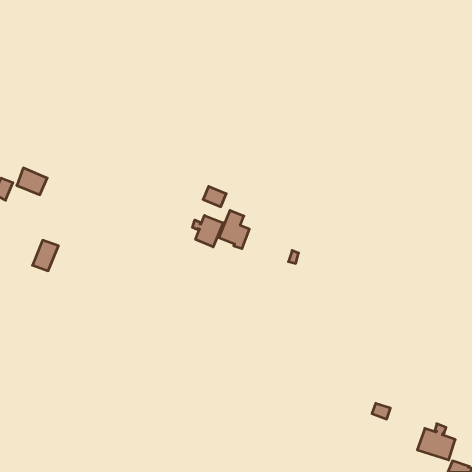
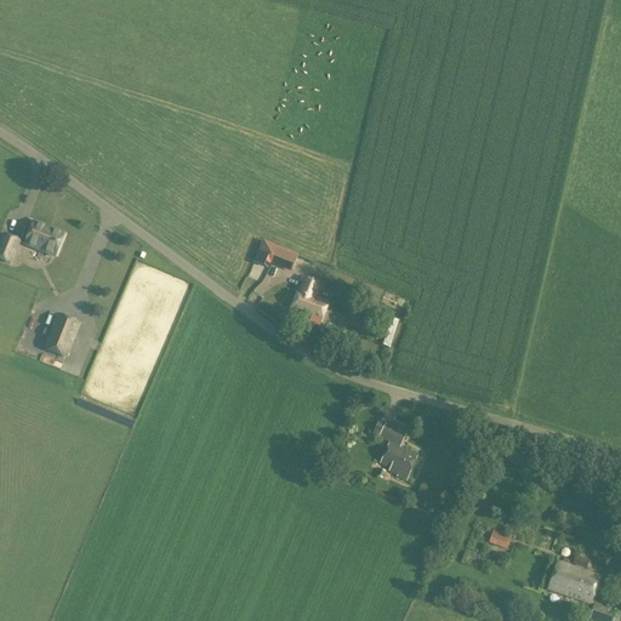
building: [192,215,223,247] -> none
building: none -> [376,421,415,479]

